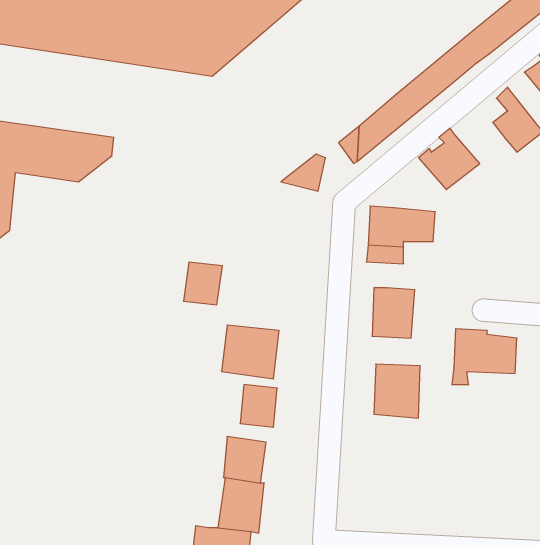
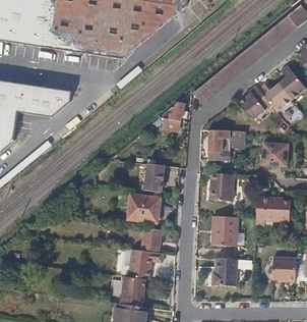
building: none -> [256,83,291,111]
building: none -> [262,142,287,166]
building: [183,262,222,305] -> [143,168,165,192]
building: none -> [212,258,237,285]
building: none -> [273,258,296,283]

